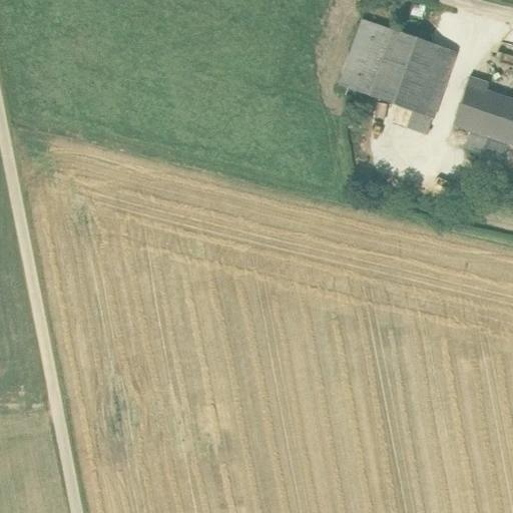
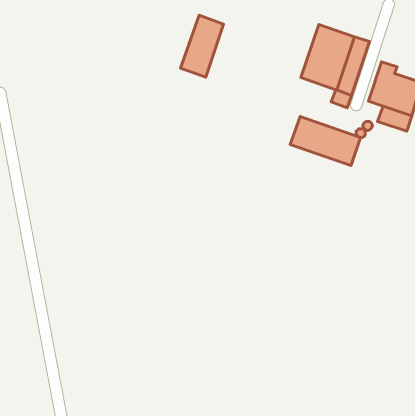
building: [341,19,394,95] -> [180,15,224,77]
building: none -> [290,116,361,166]

